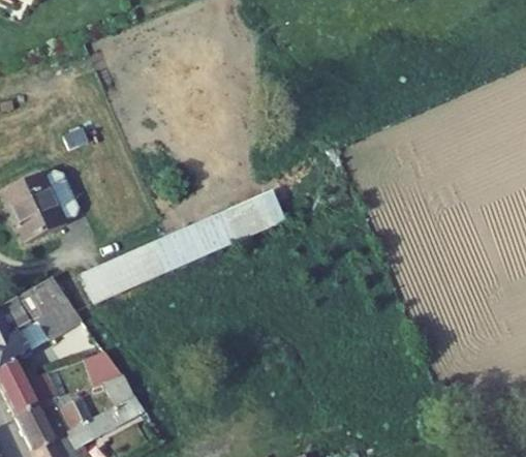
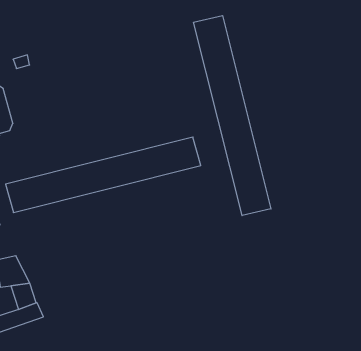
building: none -> [194,16,271,216]

